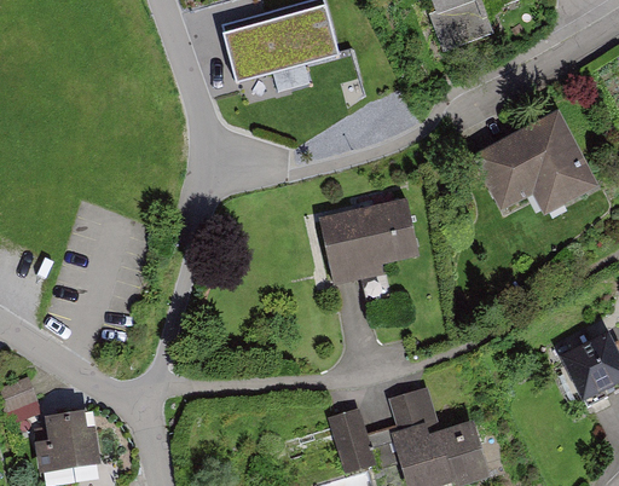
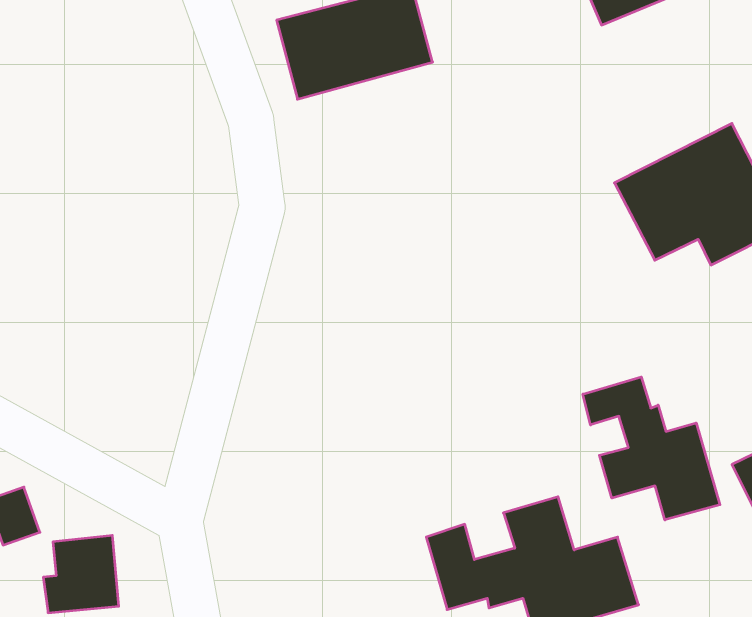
building: [318,196,420,283] -> none
building: none -> [583,377,720,520]

